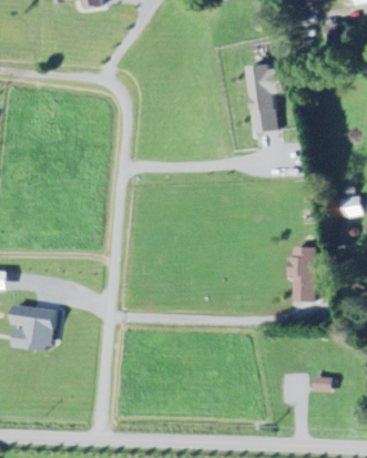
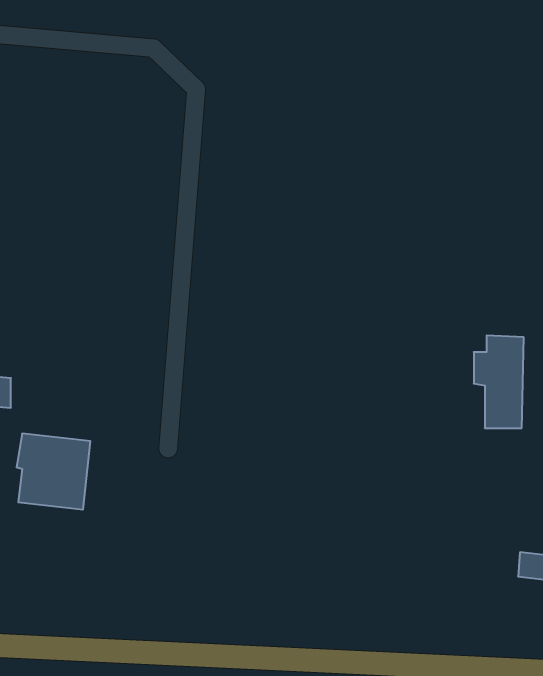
building: [248,63,284,132] -> none

